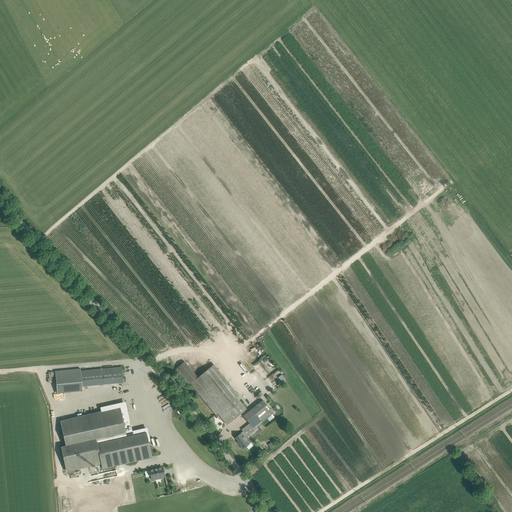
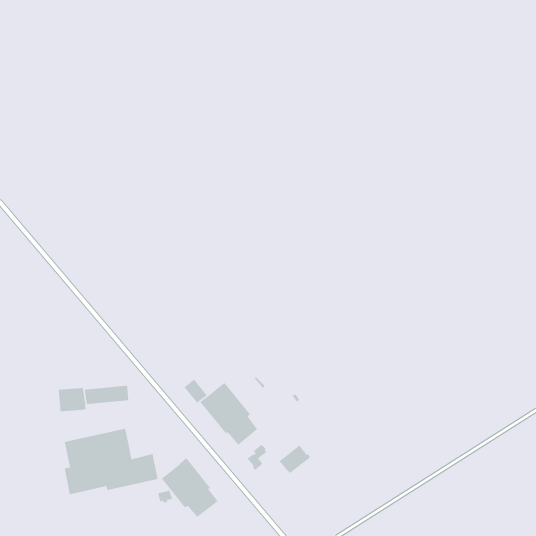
building: [243,400,273,428] -> [279,444,310,474]
building: none -> [161,457,218,518]

